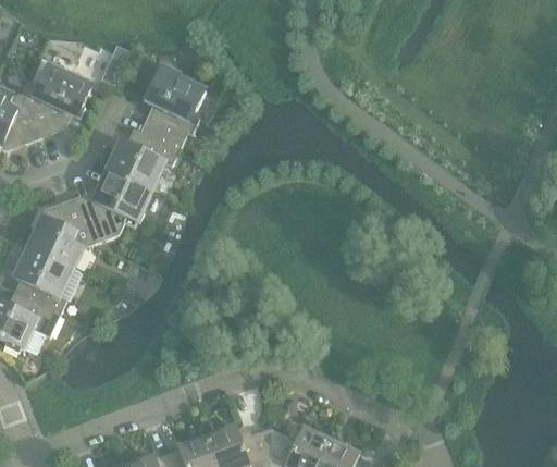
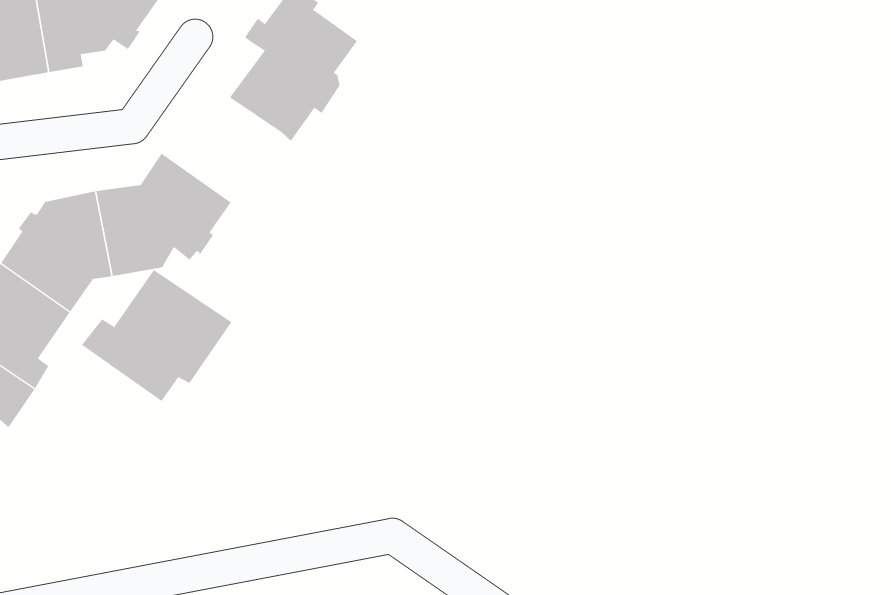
building: [107,128,177,191] -> none
building: none -> [81,269,232,402]

